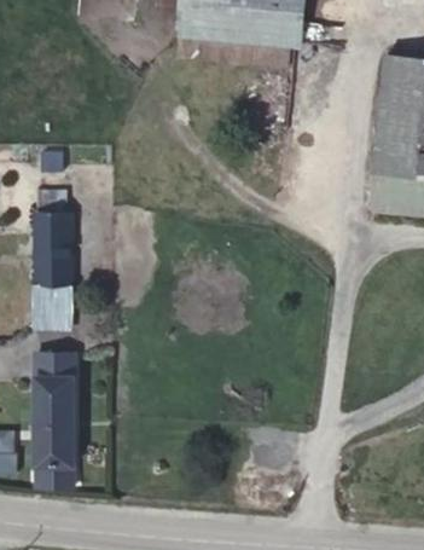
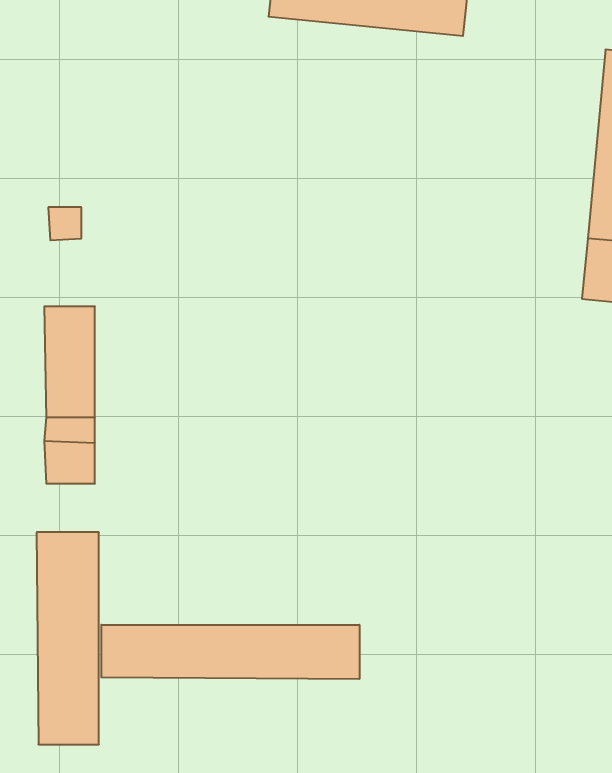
building: none -> [101,625,359,679]

